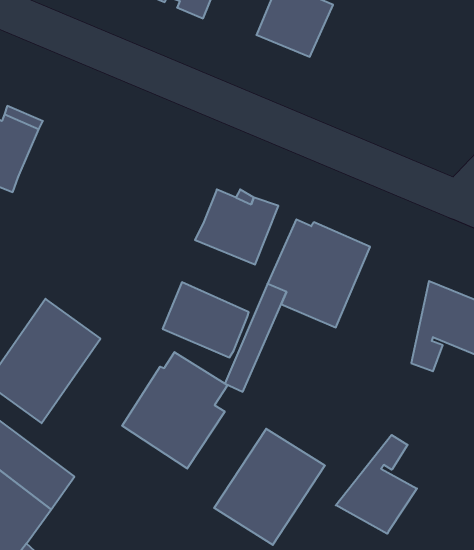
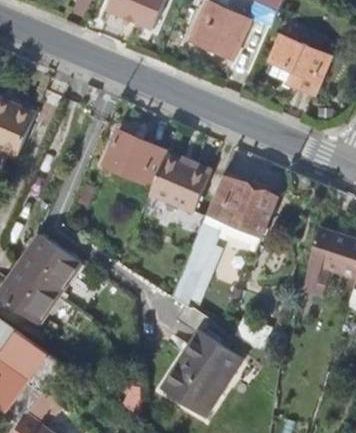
building: none -> [266,35,330,92]
building: [163,282,249,357] -> [102,130,165,185]
building: [122,352,228,469] -> none
building: [336,435,417,534] -> none

